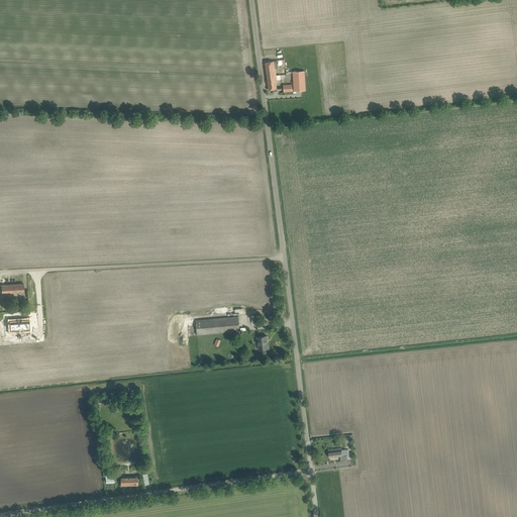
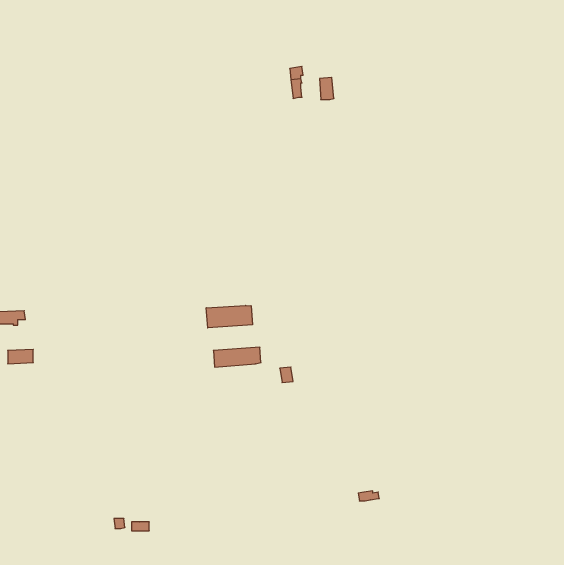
building: none -> [206,305,252,328]

